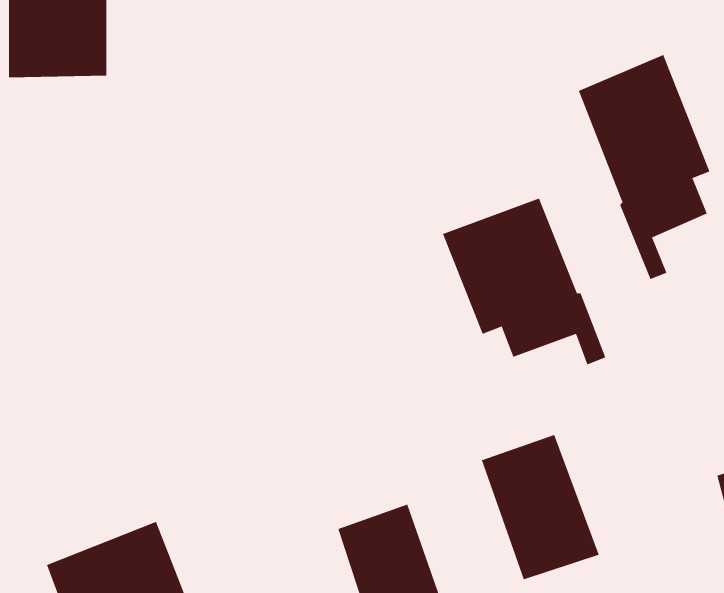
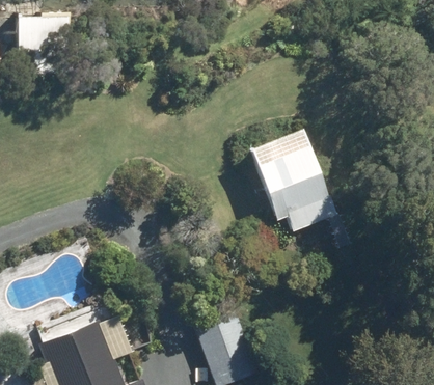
building: [578,54,710,280] -> none
building: [481,434,600,580] -> none

